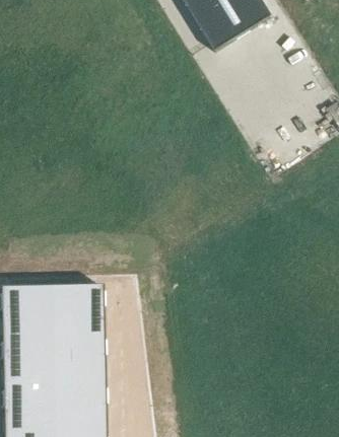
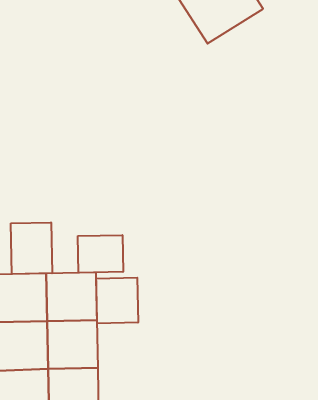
building: none -> [11,222,52,274]
building: none -> [78,235,123,273]
building: none -> [96,278,138,323]

